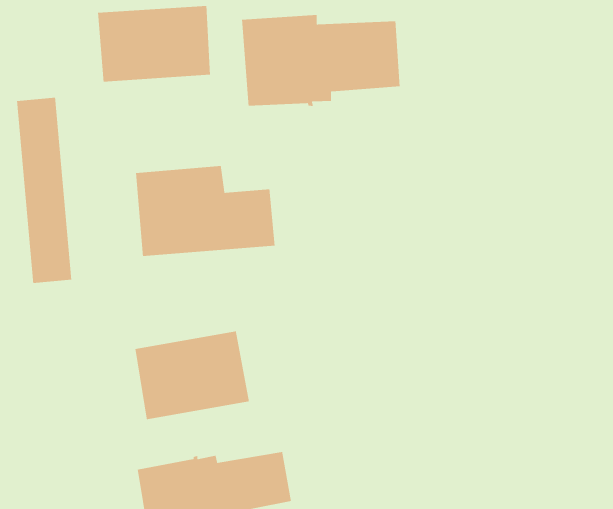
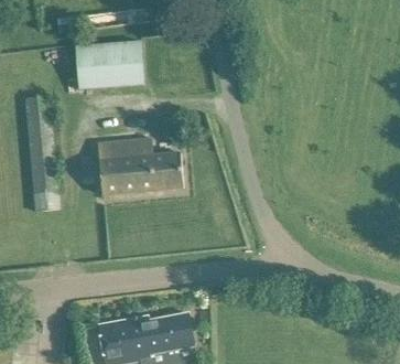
building: [241,14,400,107] -> none
building: [135,331,250,420] -> none

